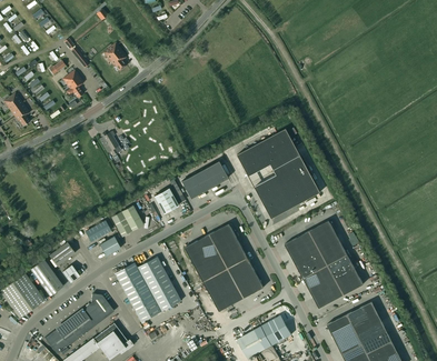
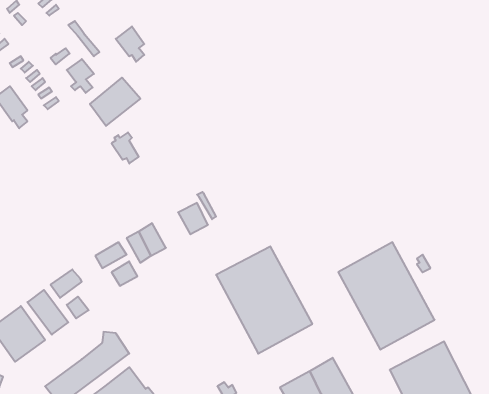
building: none -> [90,78,140,126]
building: [237,129,320,219] -> none
building: [181,161,228,198] -> none
building: [115,257,181,322] -> none

